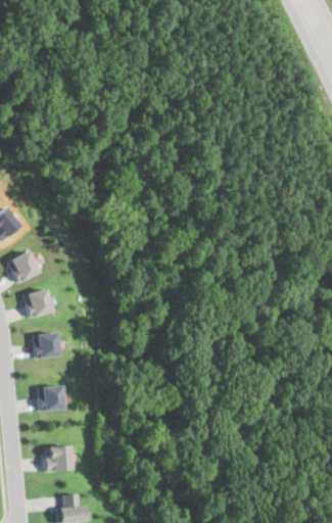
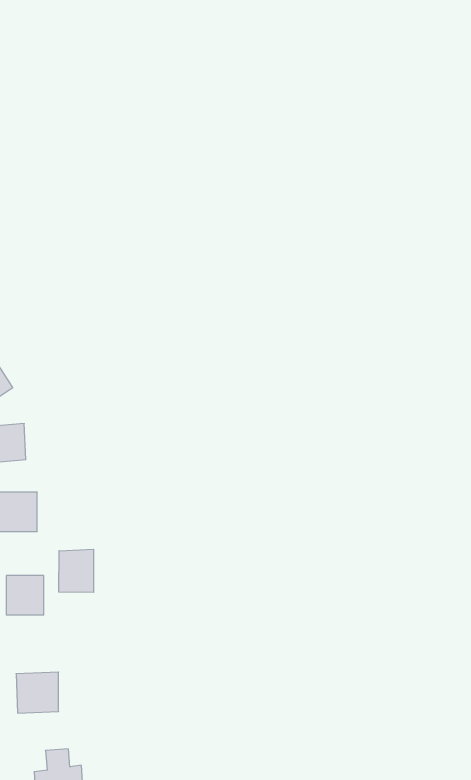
building: none -> [59,549,93,592]

